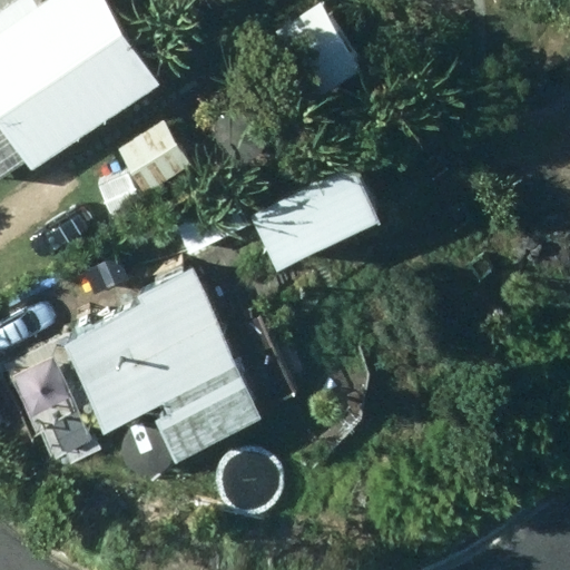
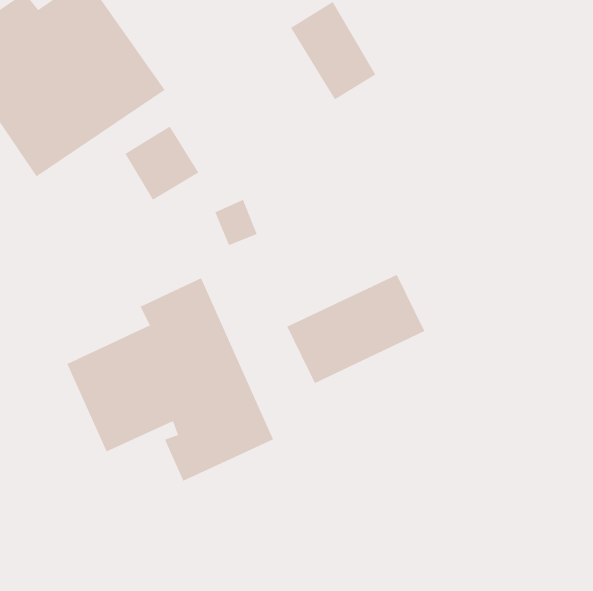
building: [248,167,381,272] -> [287,274,425,384]

